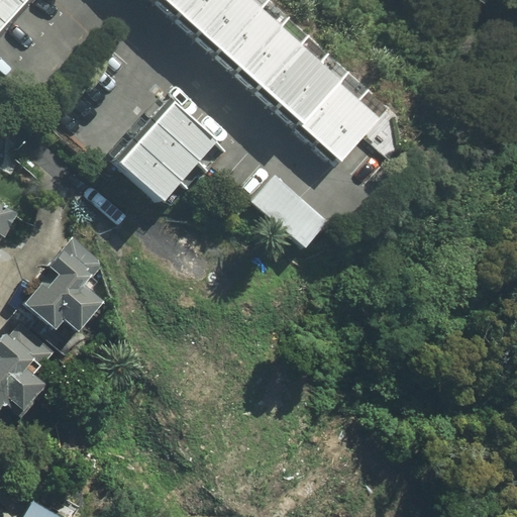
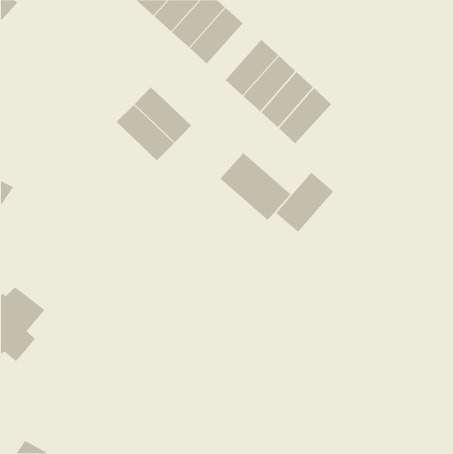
building: [237,26,299,91] -> none
building: [115,138,181,203] -> none
building: none -> [275,172,334,233]
building: [23,250,105,332] -> none

